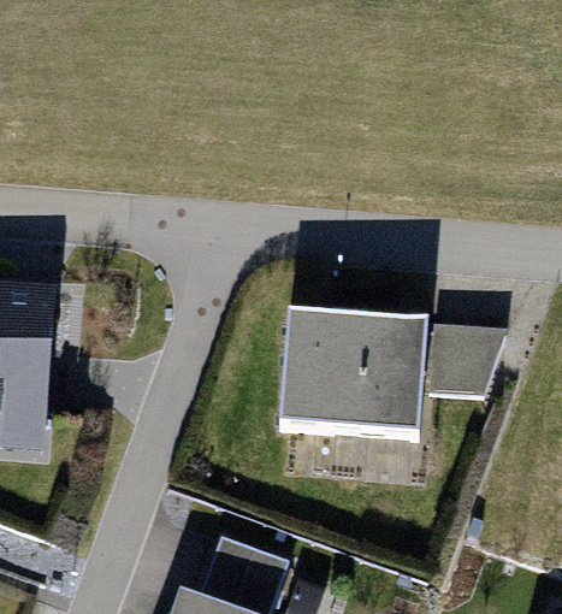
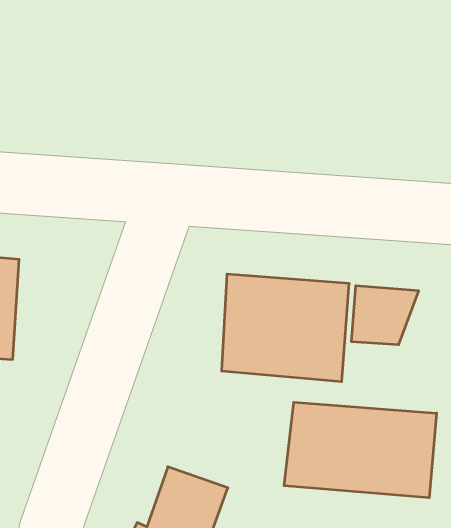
building: none -> [284,402,437,498]

